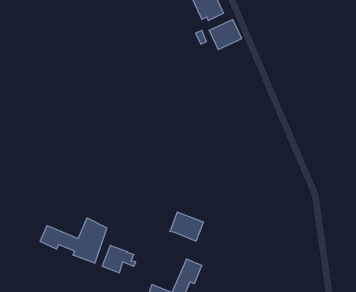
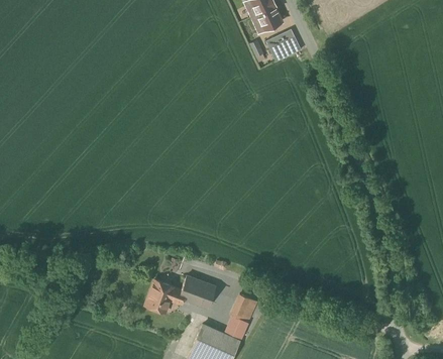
building: [170,212,203,241] -> [179,276,216,309]
building: [40,218,107,263] -> none

